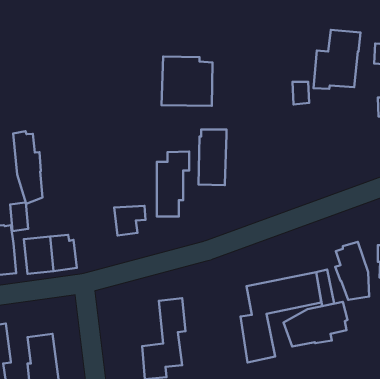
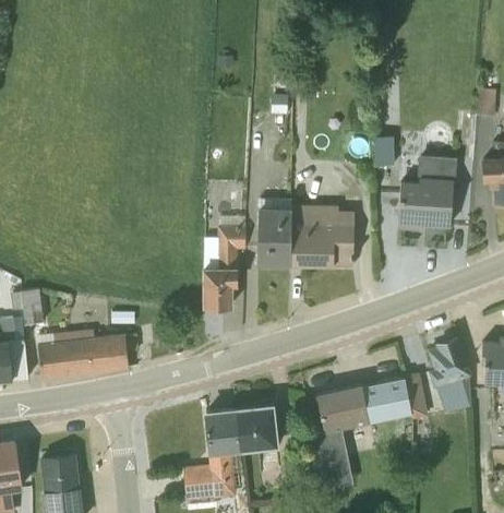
building: [313,30,360,89] -> [397,156,456,230]
building: [161,56,213,106] -> [289,205,353,267]
building: [13,131,43,204] -> none
building: [114,206,145,235] -> [99,335,139,372]
building: none -> [236,406,279,452]
building: [283,302,347,346] -> none

